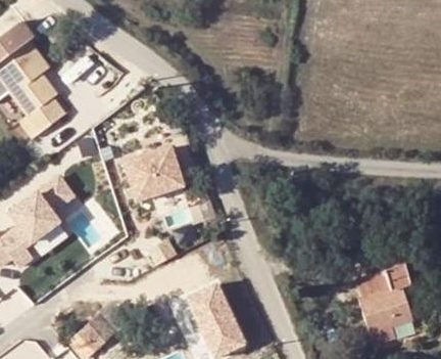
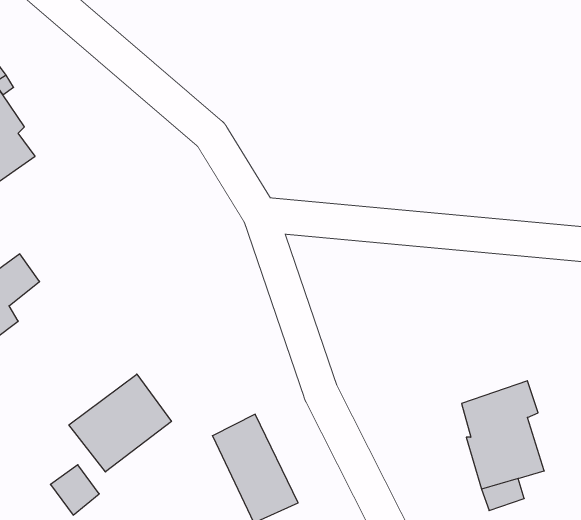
building: [125,147,184,201] -> none
building: none -> [69,374,171,472]

